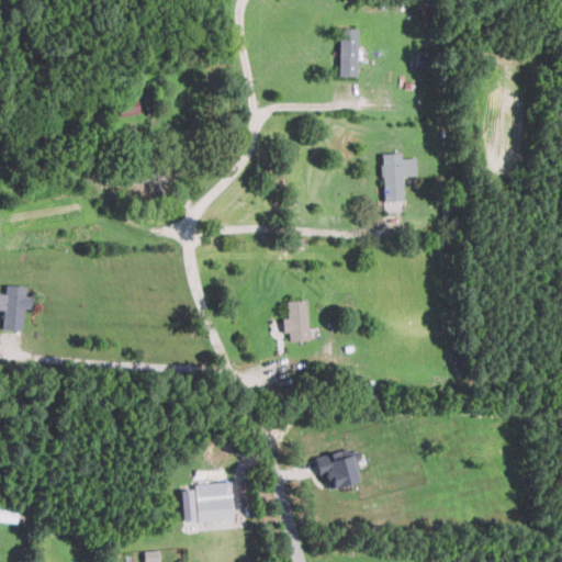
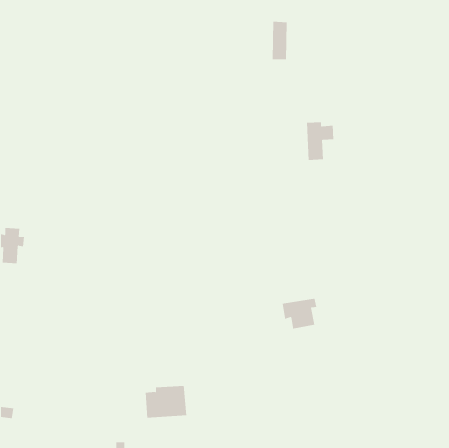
building: [284,302,310,342] -> none
building: [317,451,361,490] -> [282,298,317,329]

